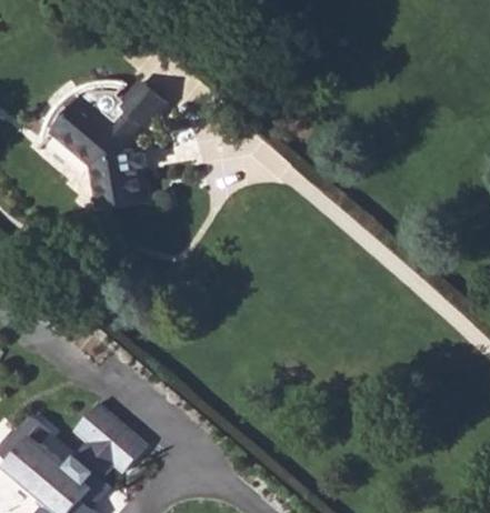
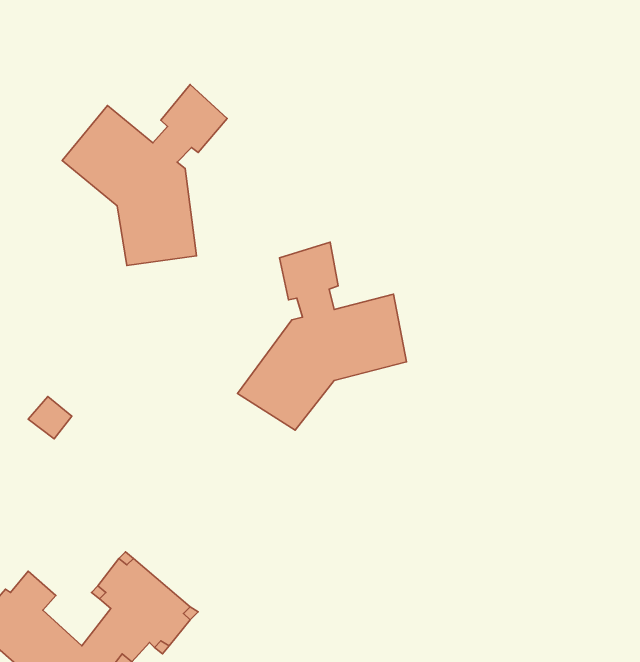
building: none -> [238,242,406,430]

